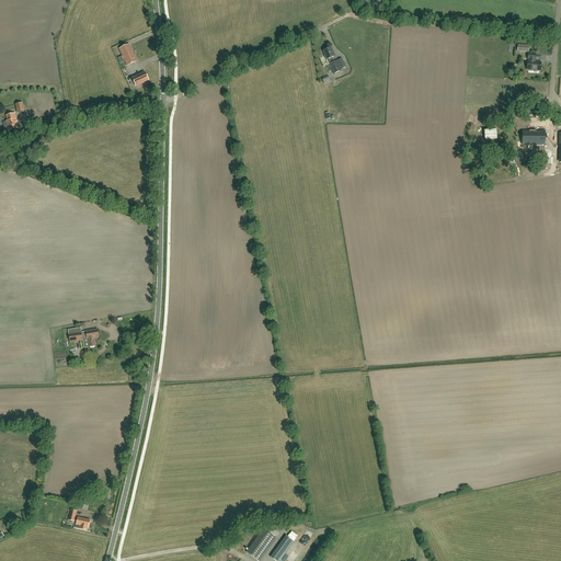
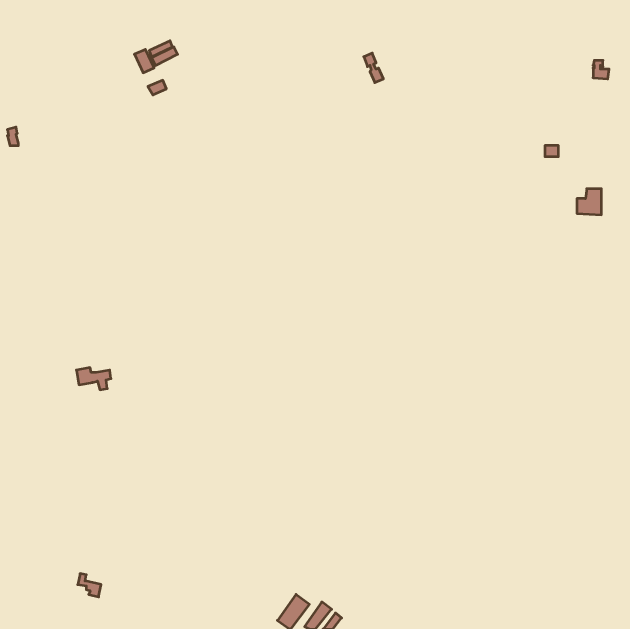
building: [523,122,545,145] -> [577,189,601,215]

